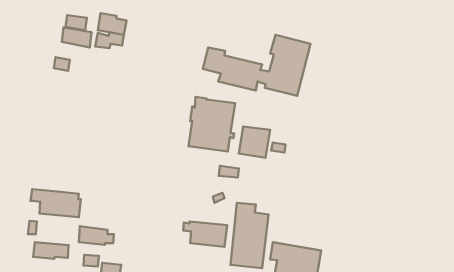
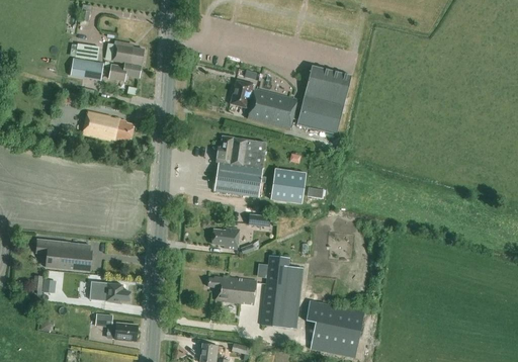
building: none -> [82,110,134,141]
building: none -> [211,228,239,249]
building: [33,242,69,259] -> none

